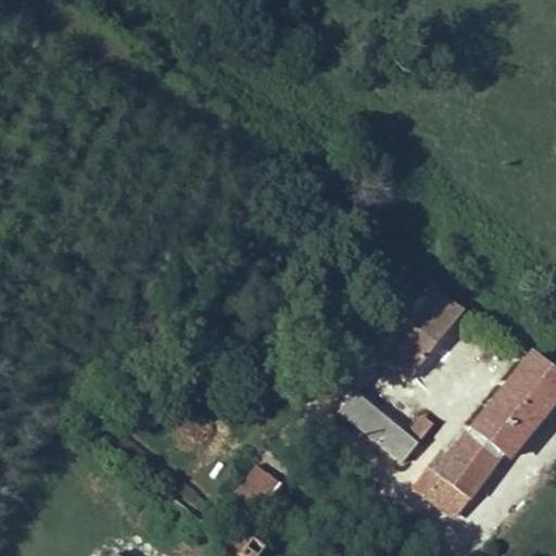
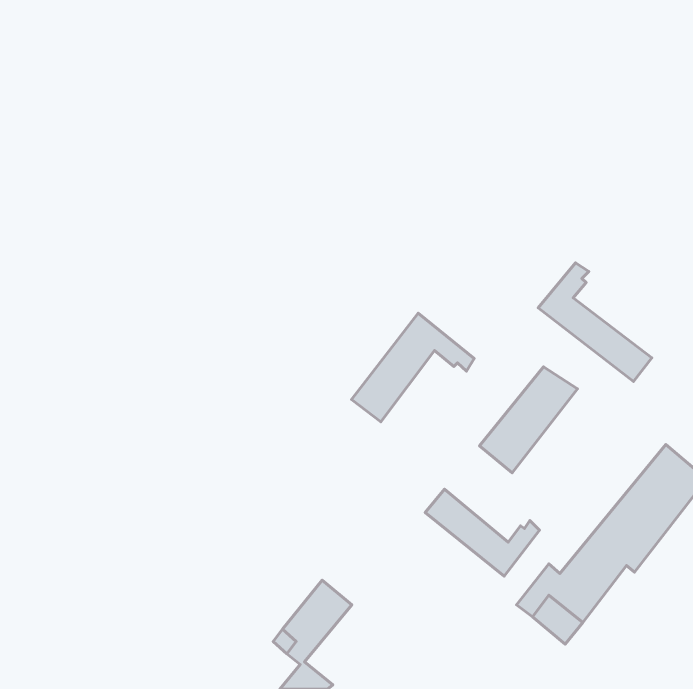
building: none -> [538,263,652,382]
building: none -> [351,313,474,422]

